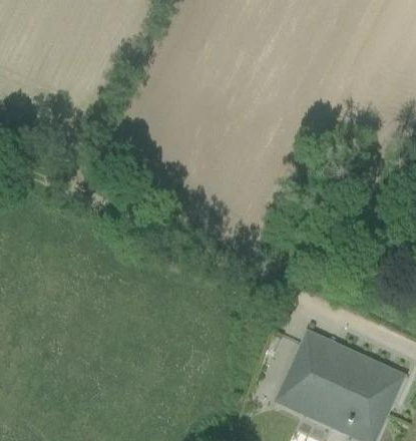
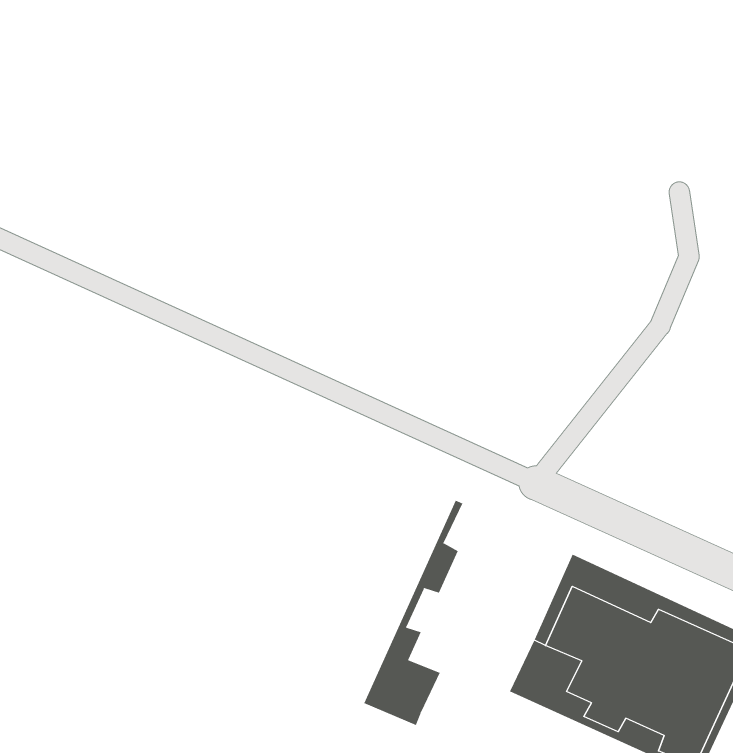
building: none -> [363,500,463,726]

